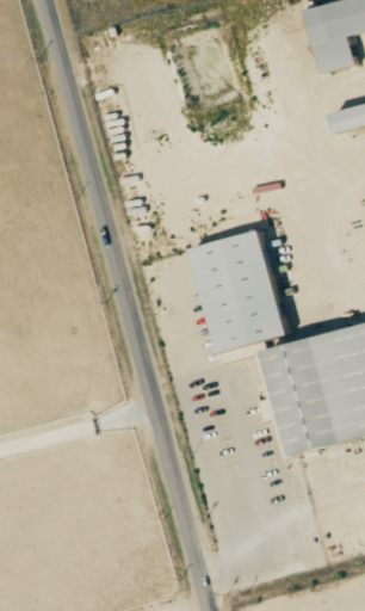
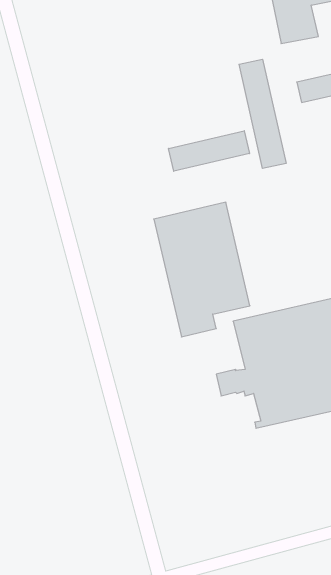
building: none -> [239,59,286,168]
building: none -> [169,131,249,171]

